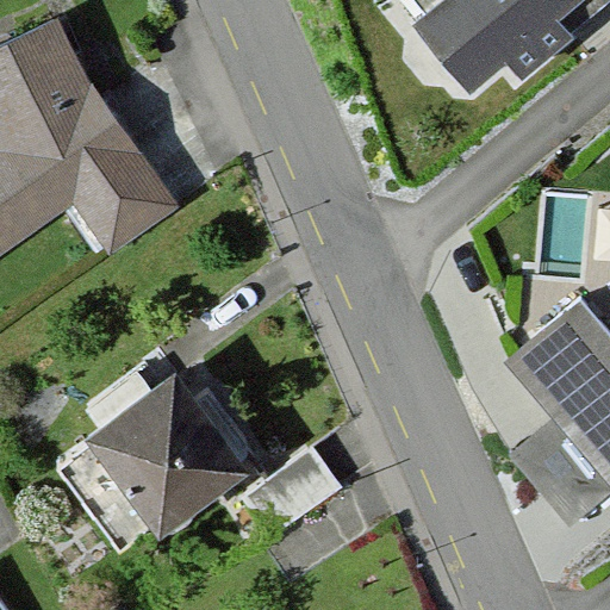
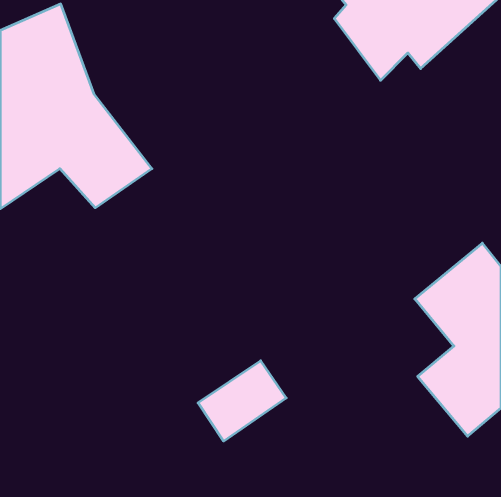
building: [56,367,255,559] -> none

